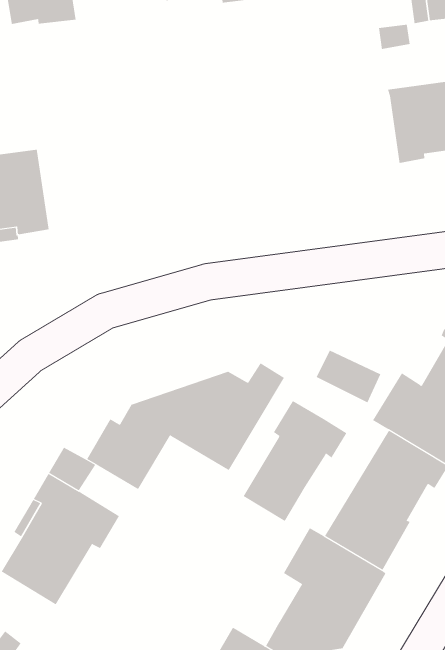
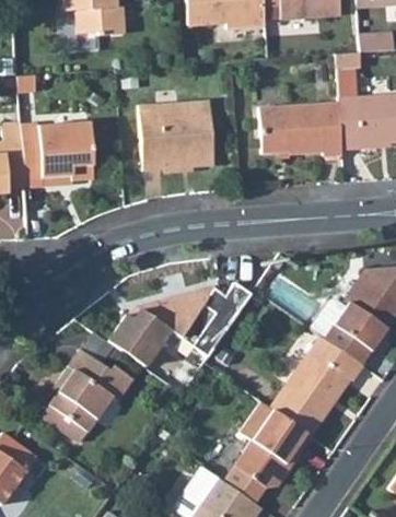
building: none -> [260,102,342,156]
building: none -> [138,99,214,169]
building: [243,400,347,522] -> none

